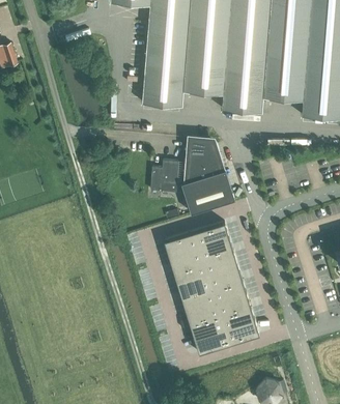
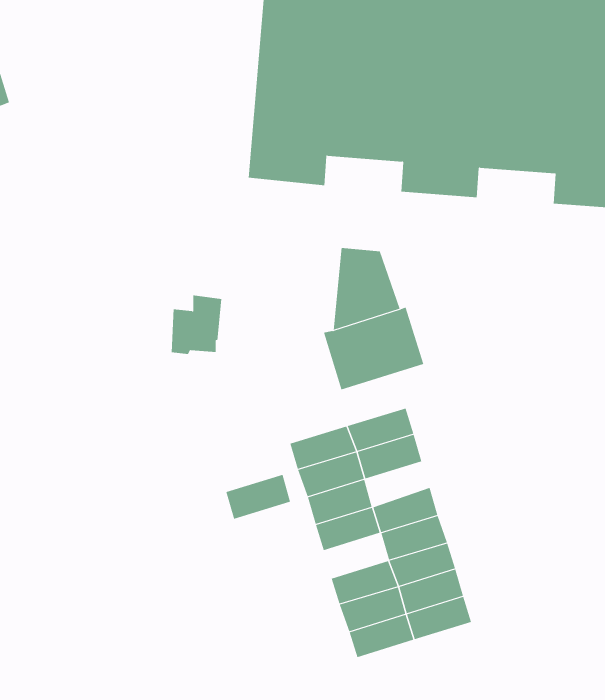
building: [150,162,177,193] -> [171,295,222,354]
building: [202,252,236,276] -> none
building: [180,289,215,313] -> [226,474,291,520]

